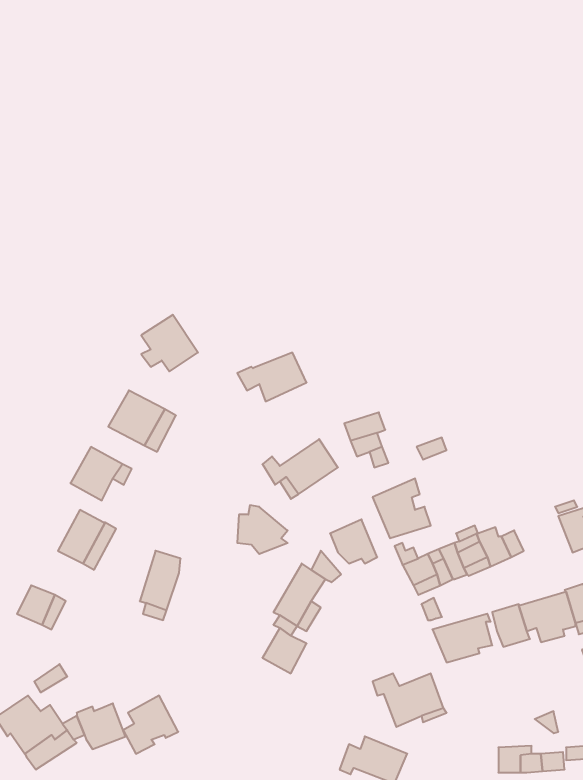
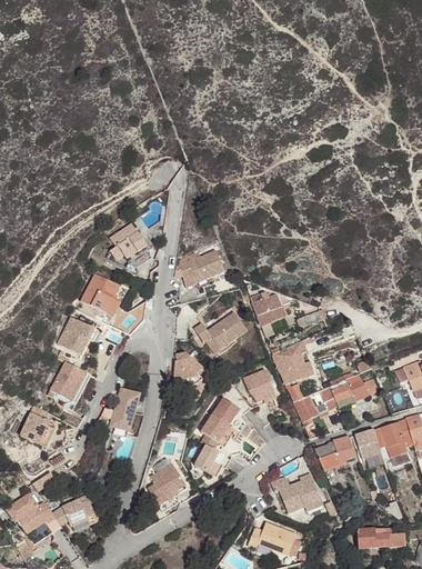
building: [123,696,178,754] -> [147,463,185,505]

